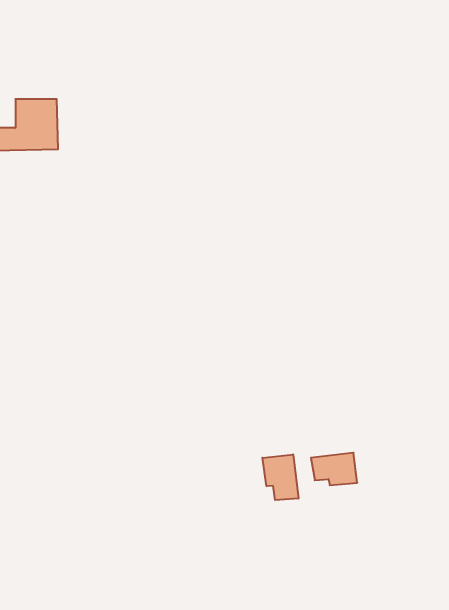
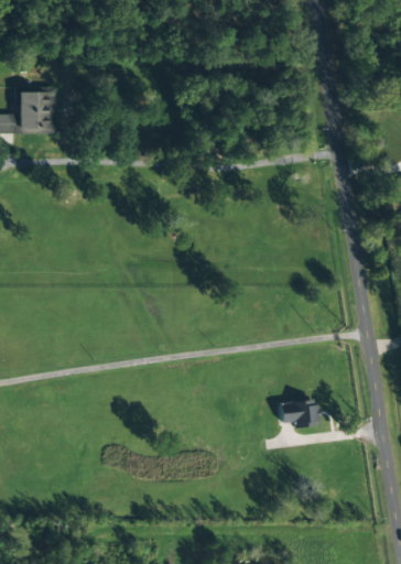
building: [262,454,298,500] -> none

